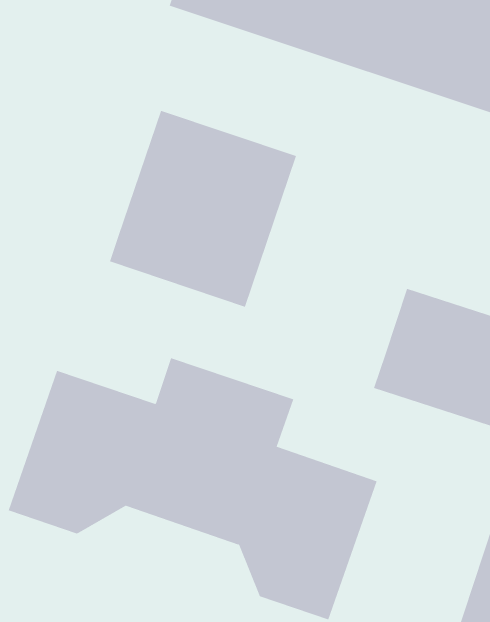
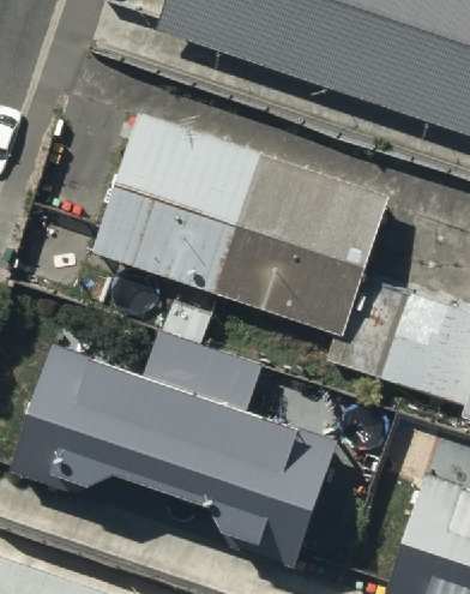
building: none -> [219,156,384,328]

